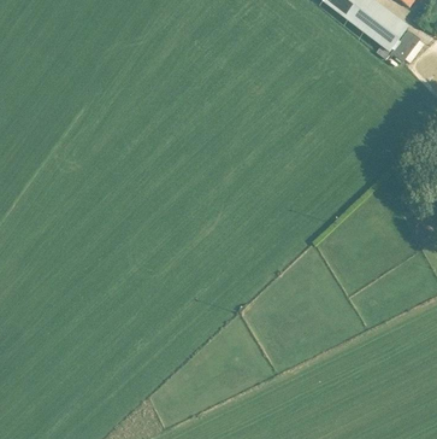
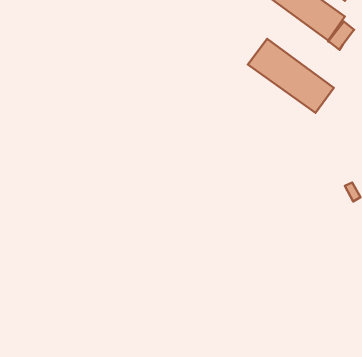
building: none -> [248,39,334,113]

